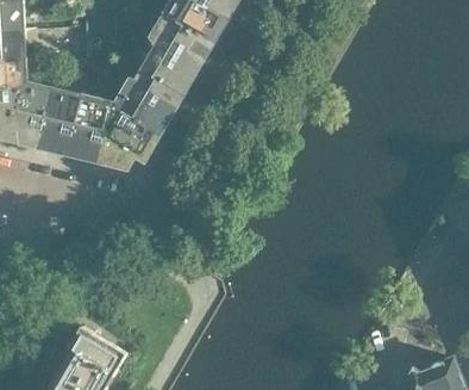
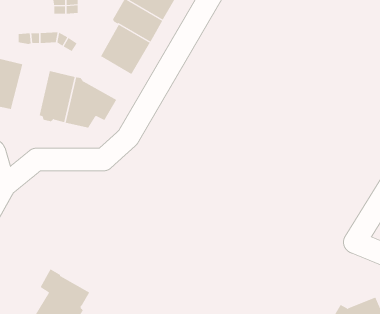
building: [118,80,175,134] -> none
building: [38,93,81,151] -> none

